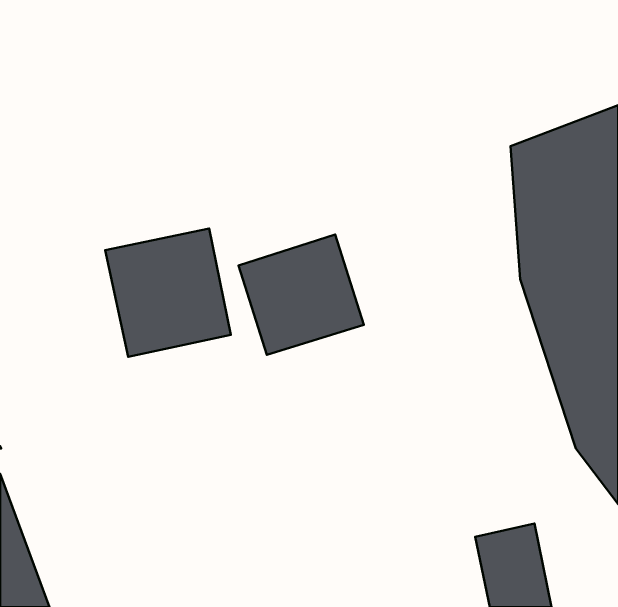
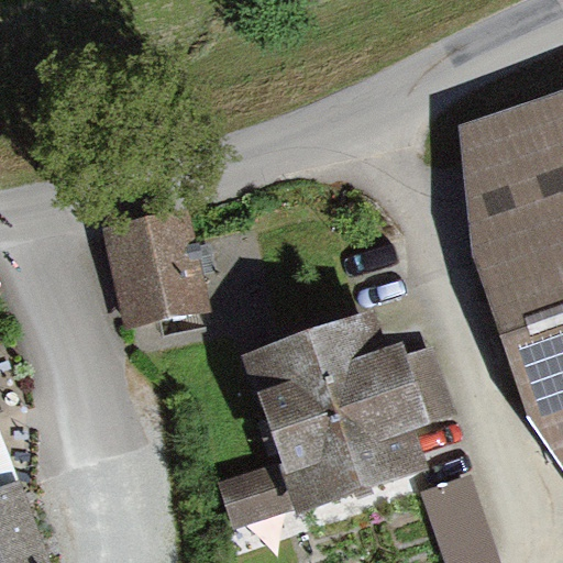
building: [239,234,364,355] -> none
building: none -> [222,322,427,517]

